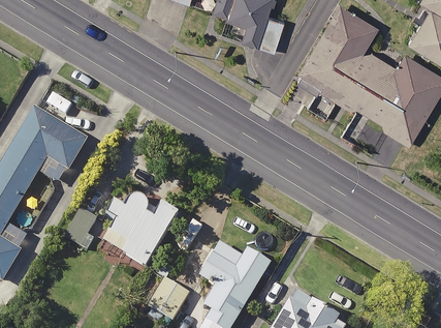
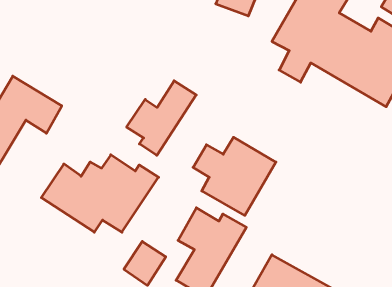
building: none -> [127,81,196,155]
building: none -> [193,137,276,215]

